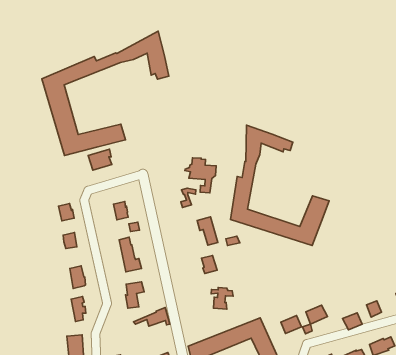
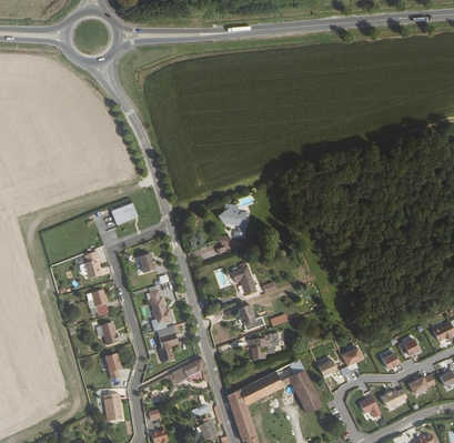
building: [42,31,169,155] -> none
building: [231,125,329,245] -> none

